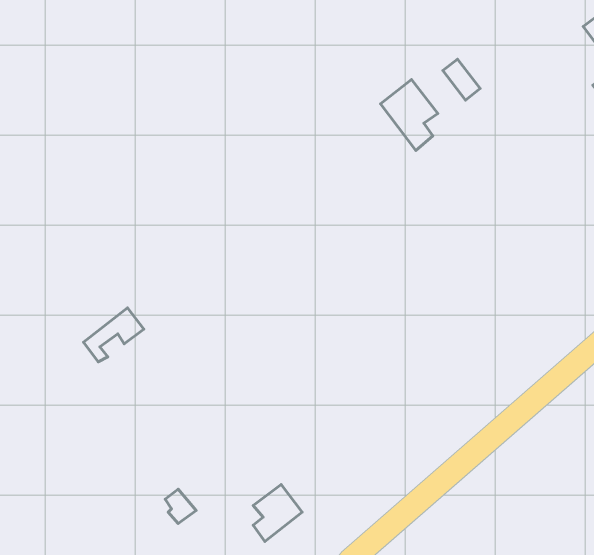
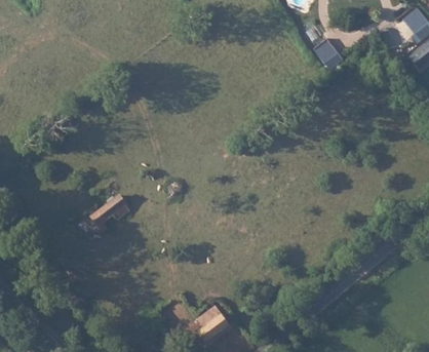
building: [381,80,438,150] -> none

